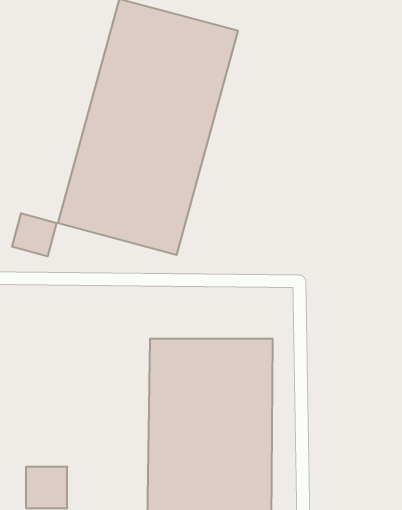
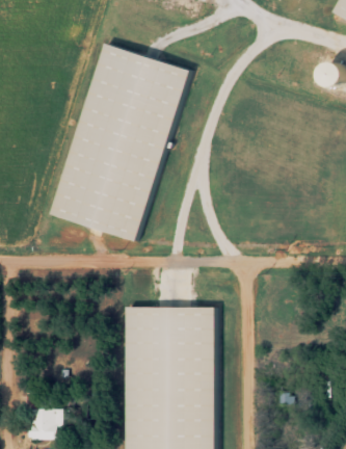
building: [12,213,57,256] -> none

